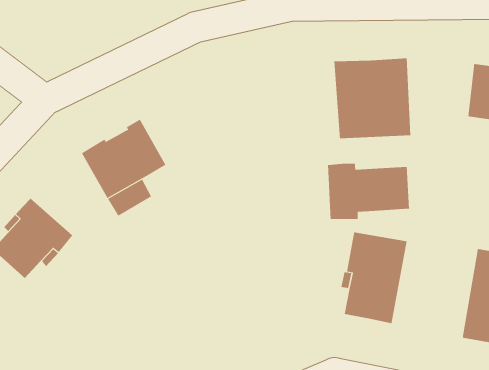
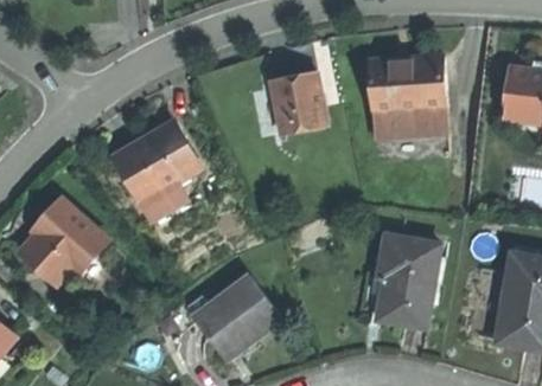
building: none -> [269,73,325,136]
building: [328,163,409,220] -> none
building: none -> [185,274,281,360]

